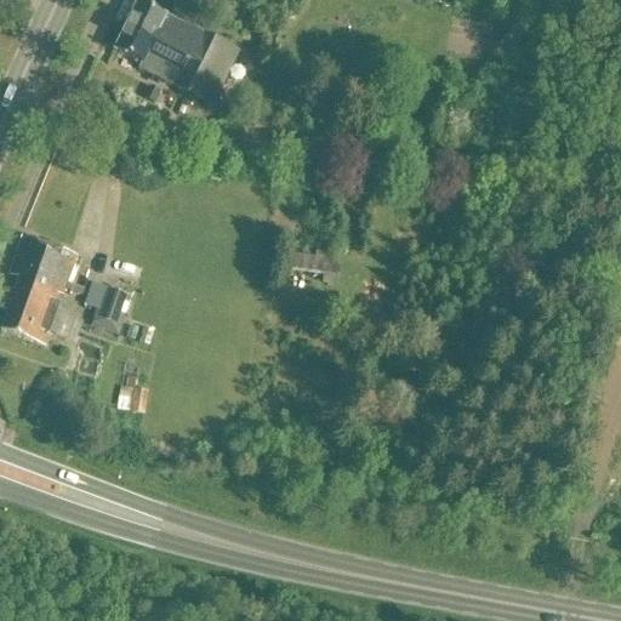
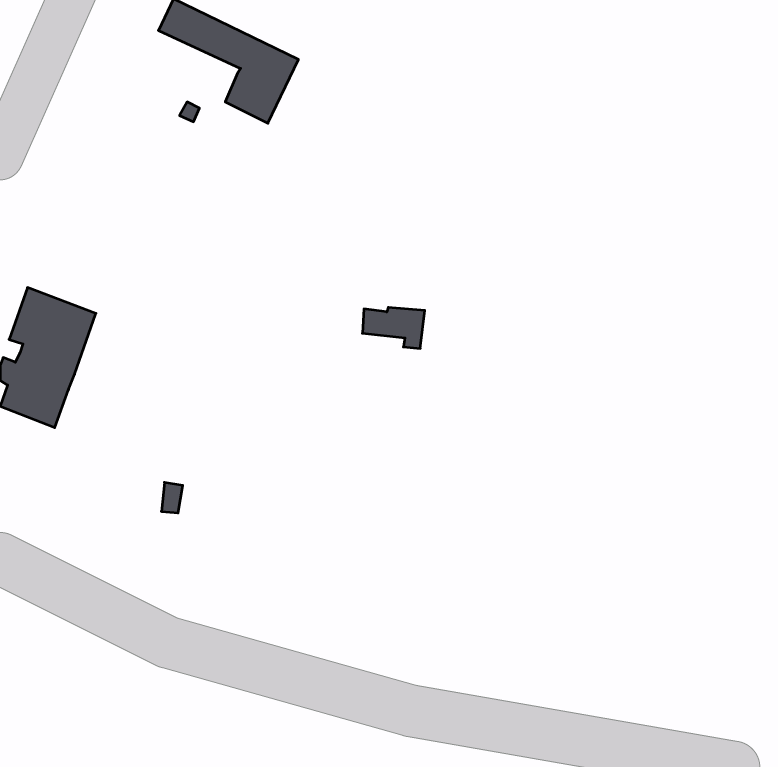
building: [114,24,192,84] -> none
building: [90,281,130,330] -> none

